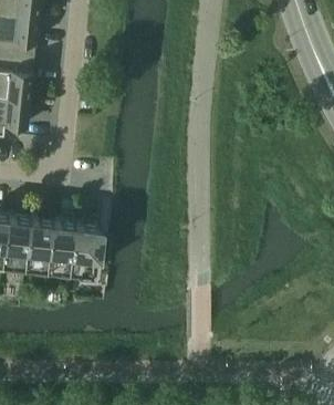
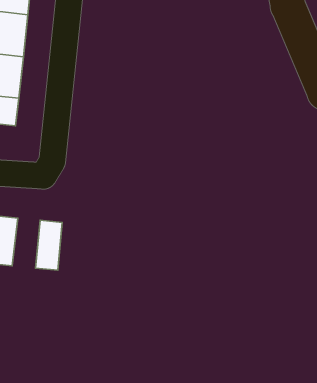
building: [23,219,51,269] -> none
building: [69,224,96,274] -> none

